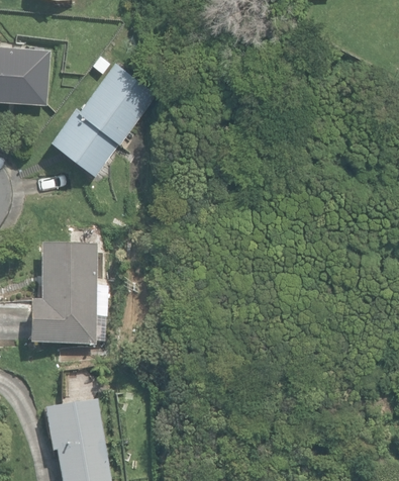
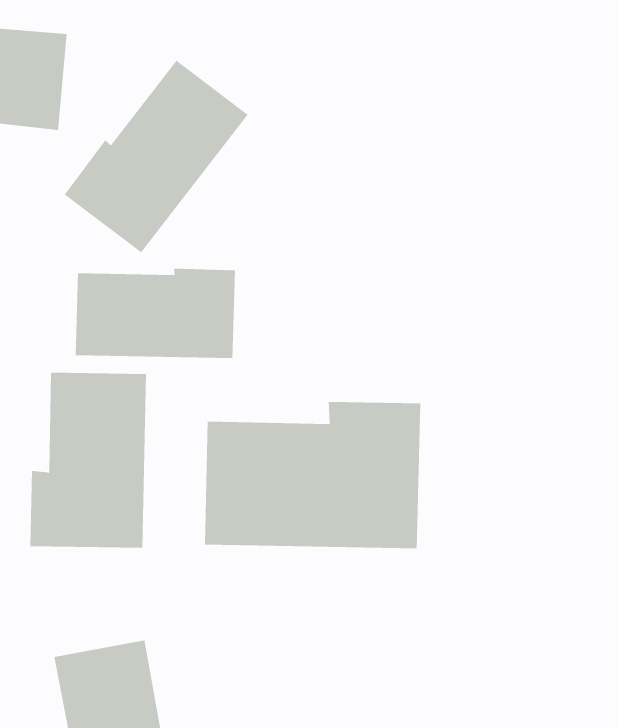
building: none -> [75,268,236,359]
building: none -> [204,401,421,549]

